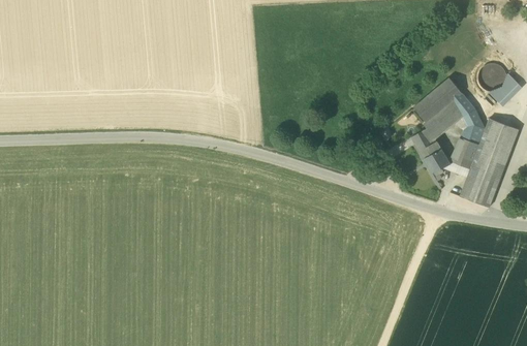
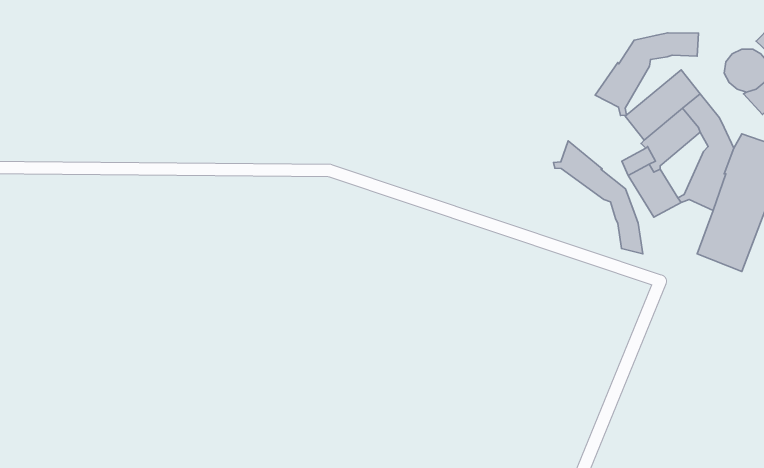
building: none -> [595,33,699,116]
building: none -> [553,141,643,254]

